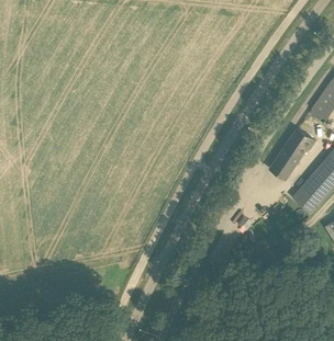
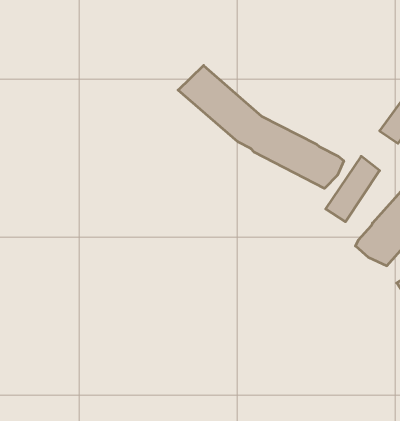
building: none -> [178,65,344,188]

